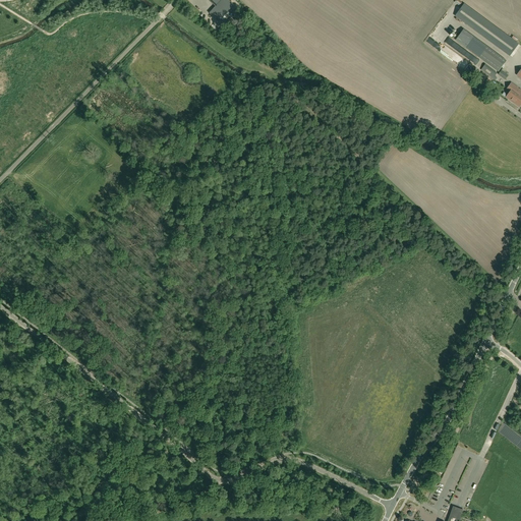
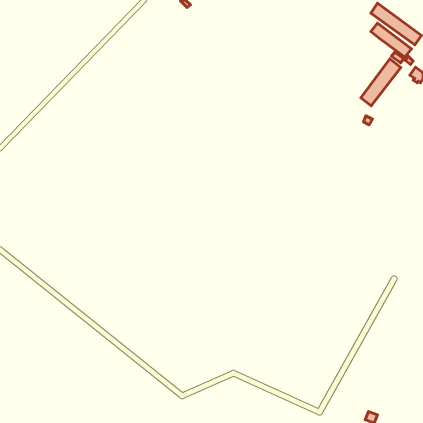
building: none -> [361,59,401,106]

